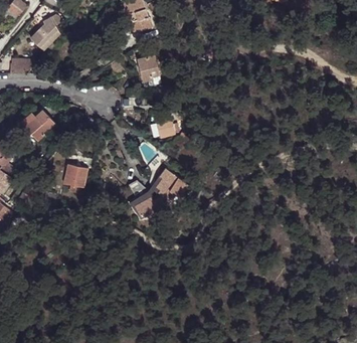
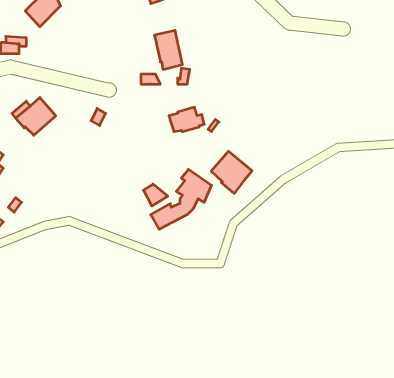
building: none -> [211,151,252,193]
building: [63,163,87,192] -> none

